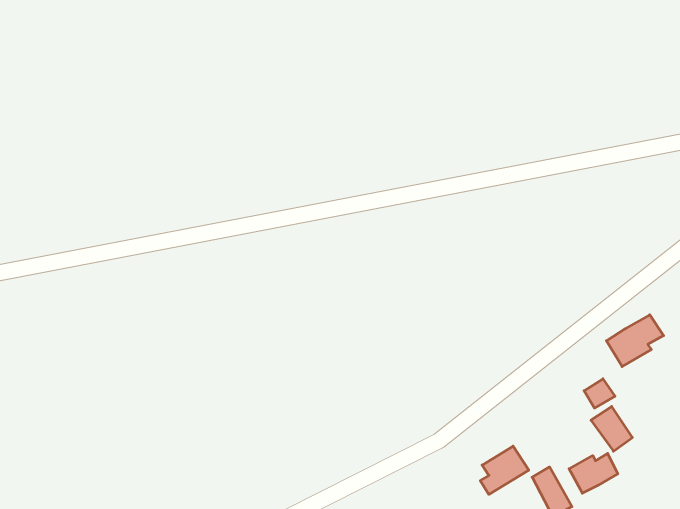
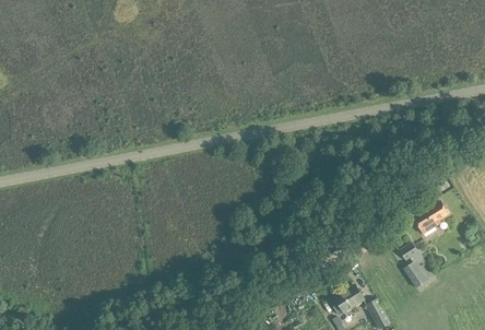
building: [569,453,618,493] -> none

